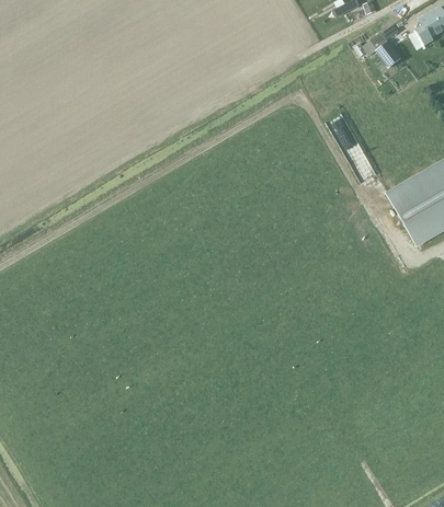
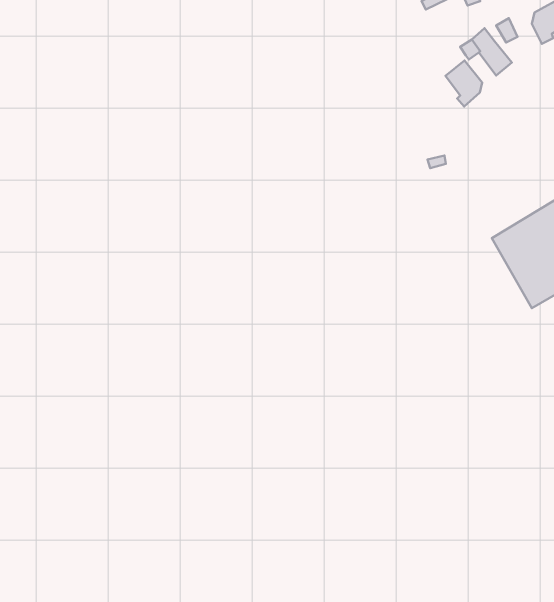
building: none -> [445,61,482,106]

